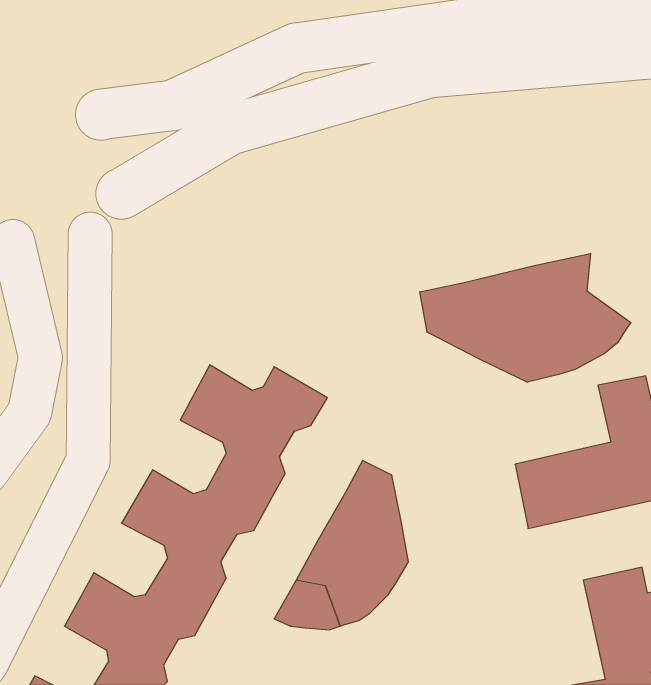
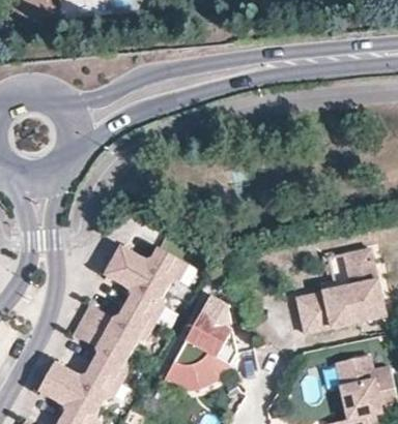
building: [420,253,631,382] -> none

